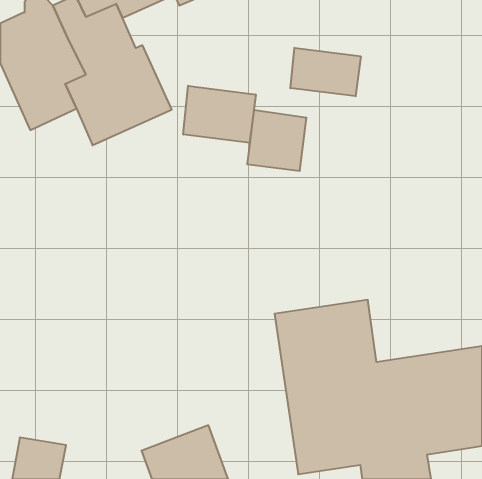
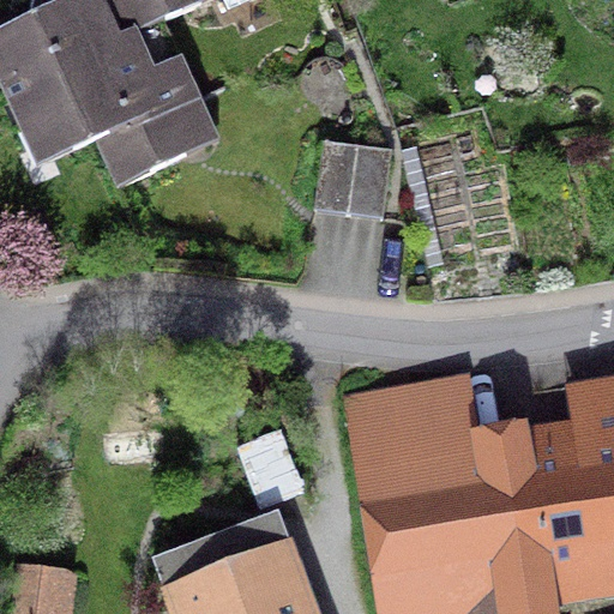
building: [290,48,361,96] -> none
building: [183,86,256,143] -> none

